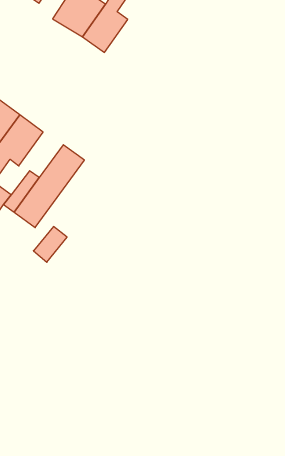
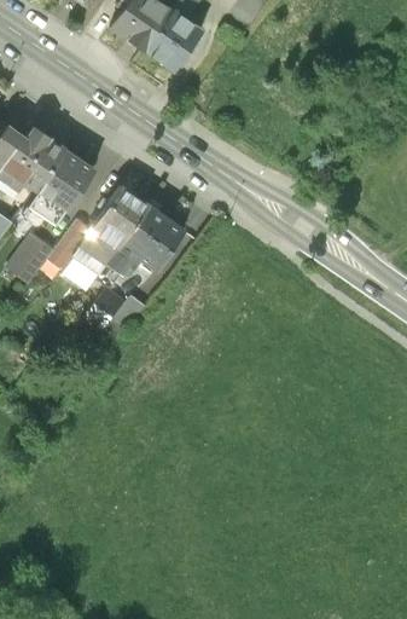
building: none -> [103,204,186,282]

